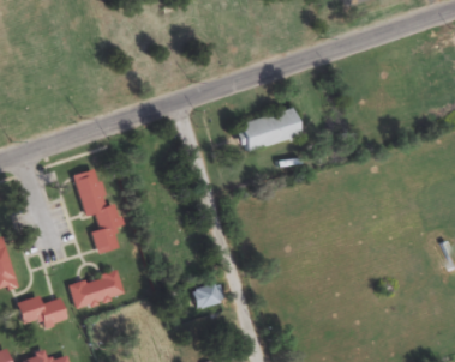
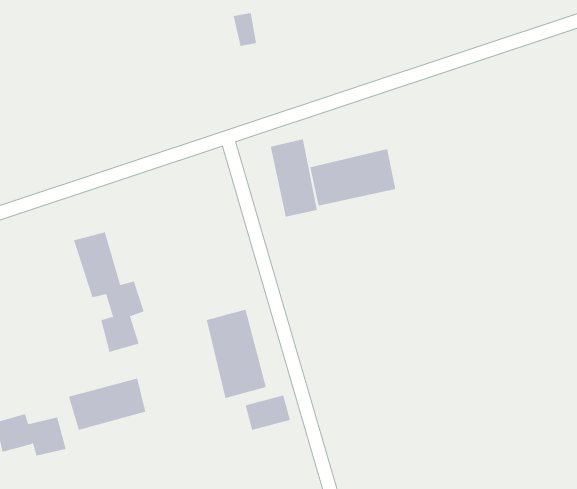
building: none -> [270,139,317,217]
building: none -> [206,309,266,399]

